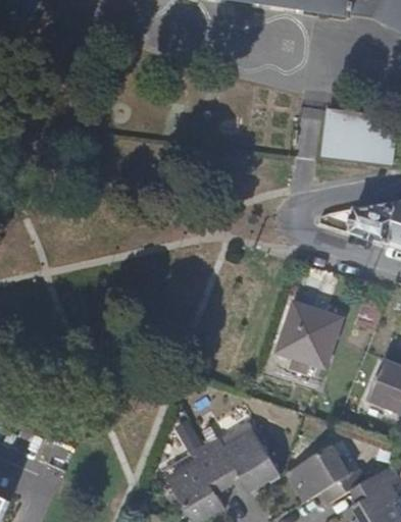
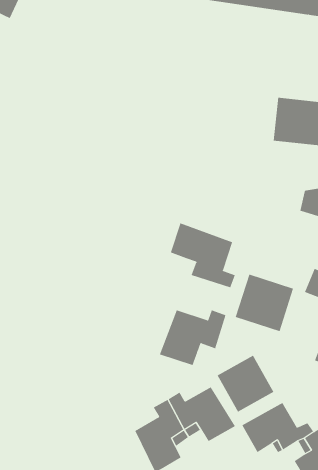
building: none -> [170,223,236,288]
building: none -> [159,309,226,366]
building: none -> [217,355,274,412]

